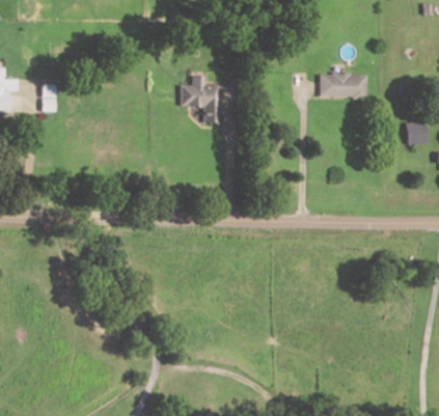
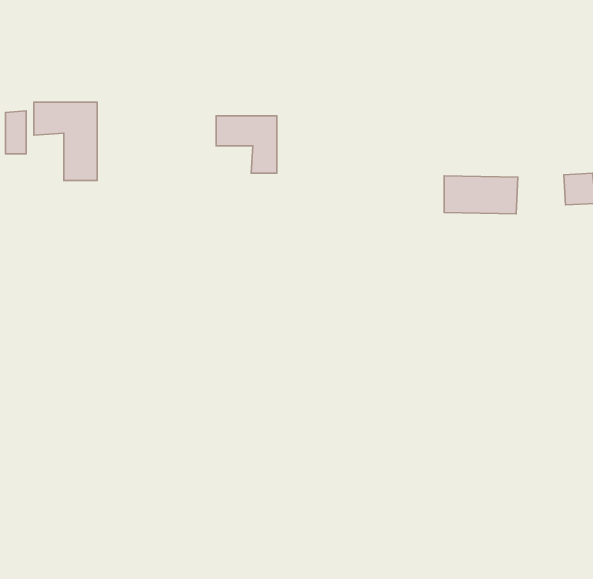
building: [320,74,367,99] -> [444,176,518,214]
building: none -> [34,102,97,180]

